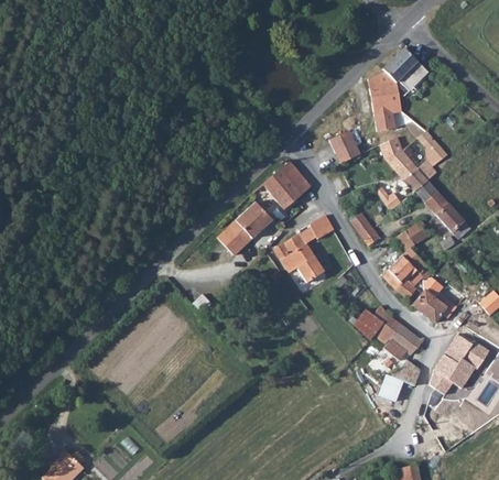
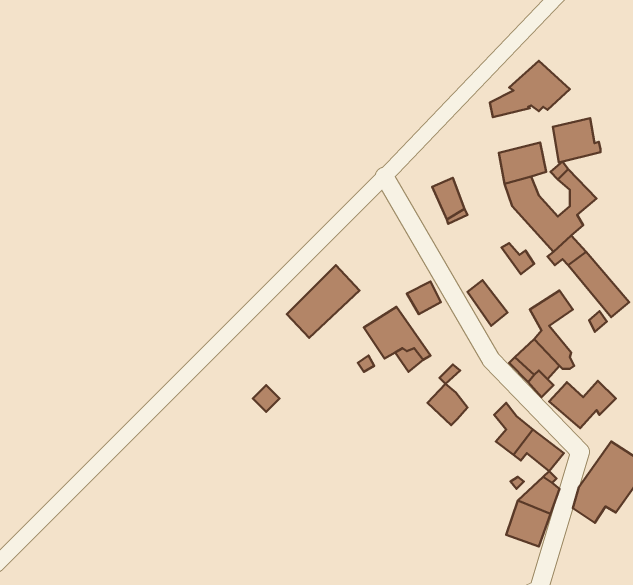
building: [370,85,405,118] -> [553,118,600,162]
building: [252,162,310,218] -> none
building: [350,306,380,337] -> [428,384,468,425]

